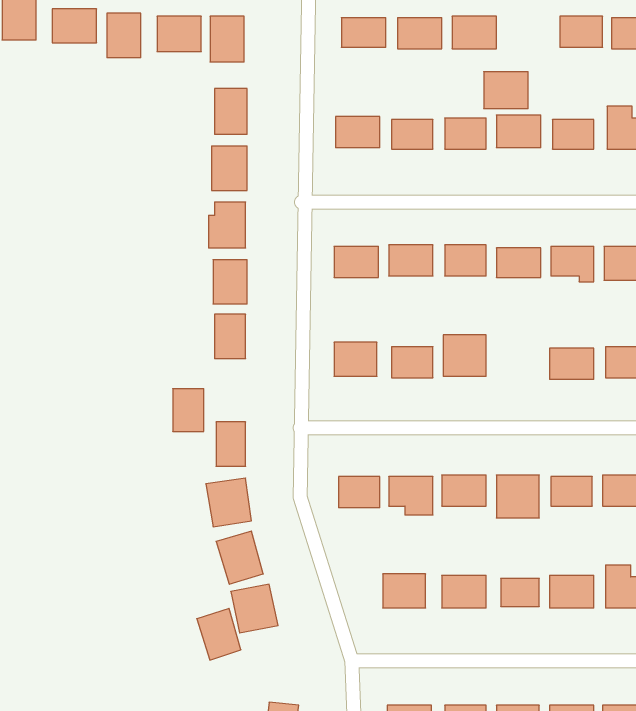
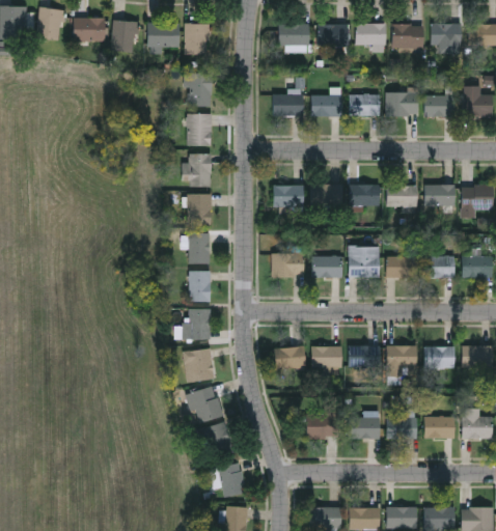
building: [484,72,528,109] -> [392,24,423,50]
building: none -> [386,255,417,278]
building: [173,389,204,431] -> [188,271,210,301]
building: [197,608,241,660] -> [215,462,246,498]

